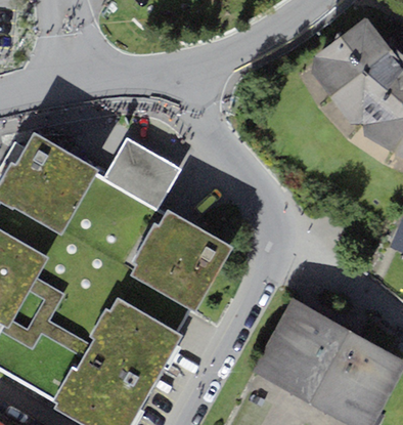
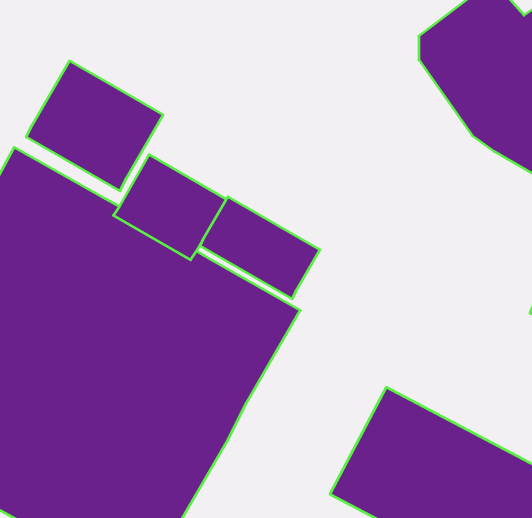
building: none -> [26,61,163,191]
building: none -> [200,197,320,299]

